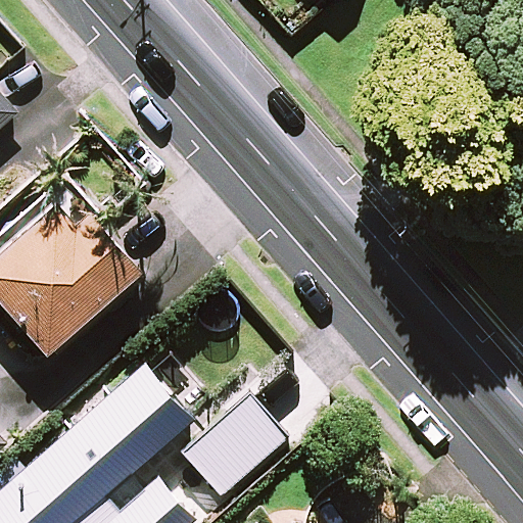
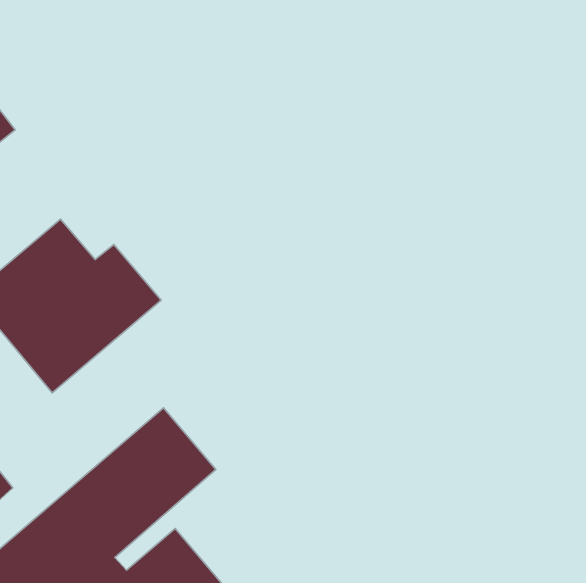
building: [179,395,283,498] -> none

